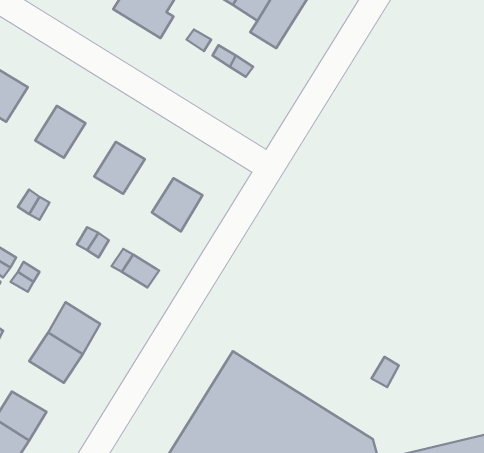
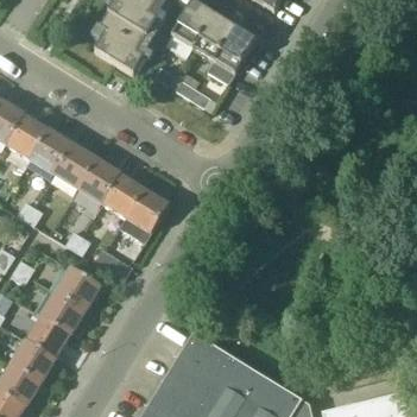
building: none -> [6,115,48,159]
building: none -> [53,145,96,189]
building: none -> [102,175,144,219]
building: none -> [55,267,99,310]
building: none -> [11,341,53,383]

